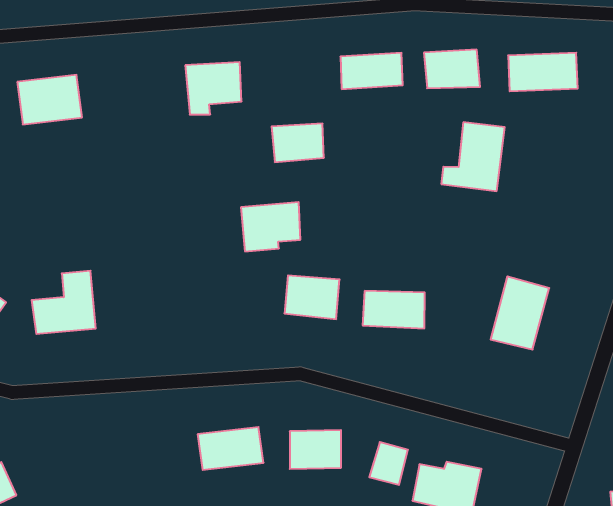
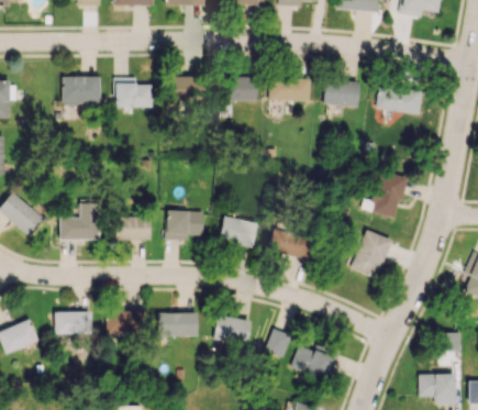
building: none -> [114,78,152,108]
building: [441,122,505,191] -> [362,171,405,218]
building: [272,124,324,162] -> [224,77,257,100]
building: [241,202,300,251] -> [166,211,203,240]
building: none -> [115,217,149,241]
building: none -> [105,311,145,336]
building: none -> [54,311,92,335]

